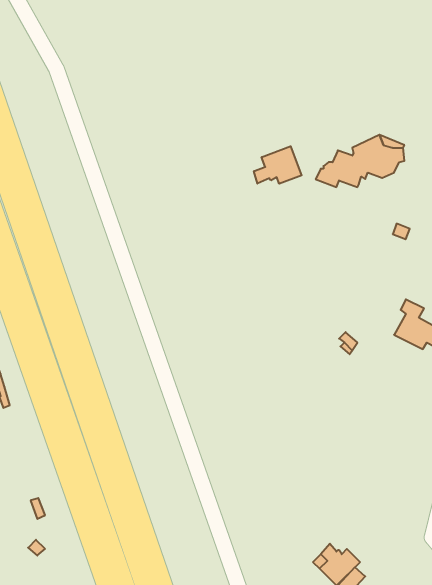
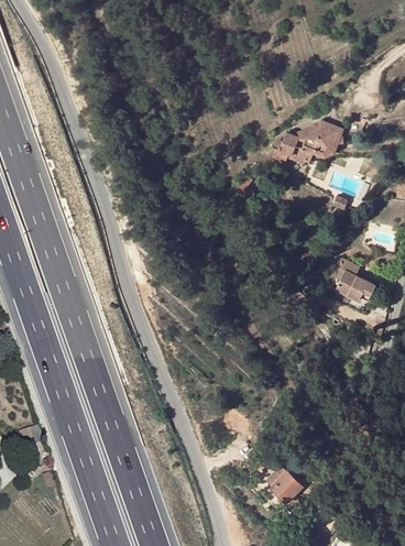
building: [254,146,302,184] -> none

